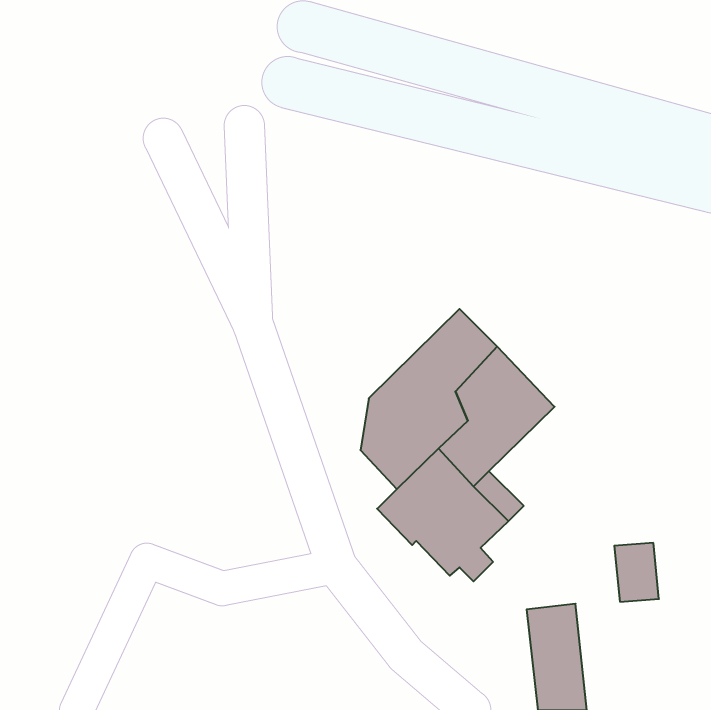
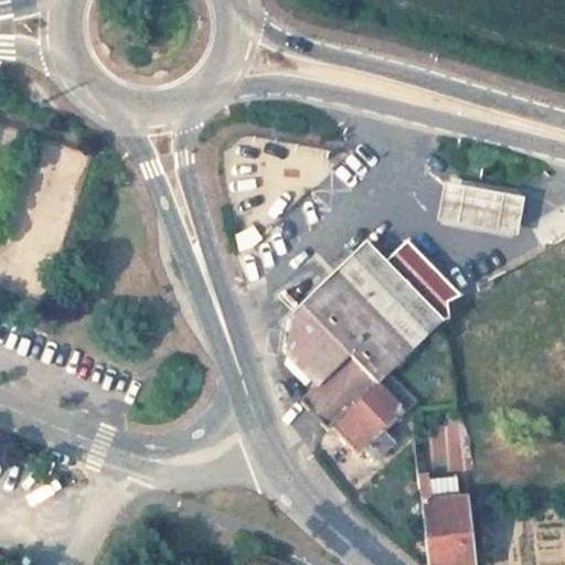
building: none -> [449,181,541,235]
building: none -> [384,242,458,321]
building: [614,543,659,602] -> [435,420,470,467]

